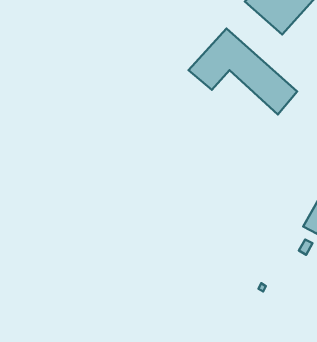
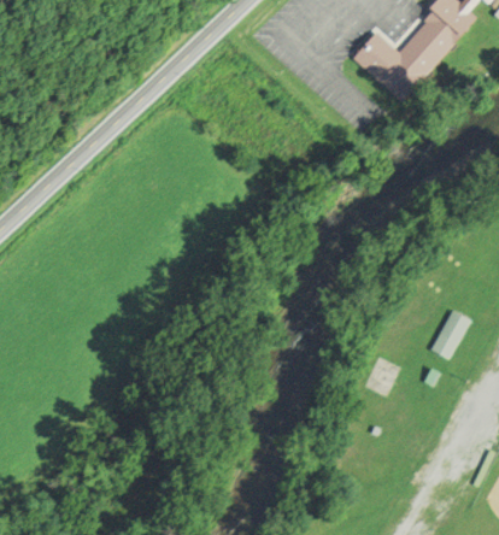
building: [188,28,297,115] -> none

